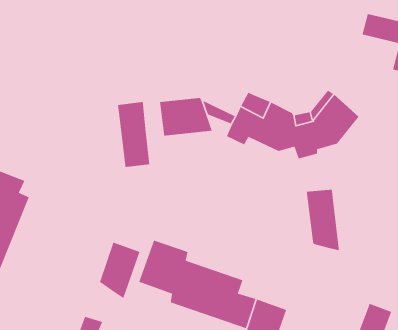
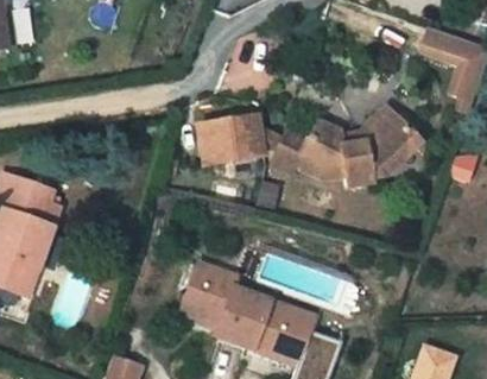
building: [117,101,150,168] -> none
building: [306,189,340,251] -> none
building: [99,242,140,299] -> none

